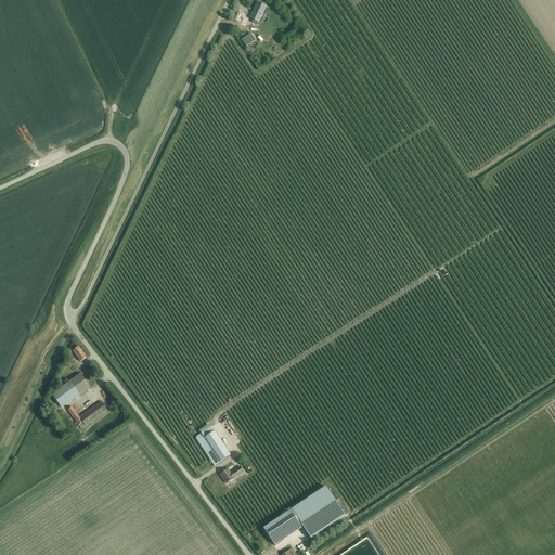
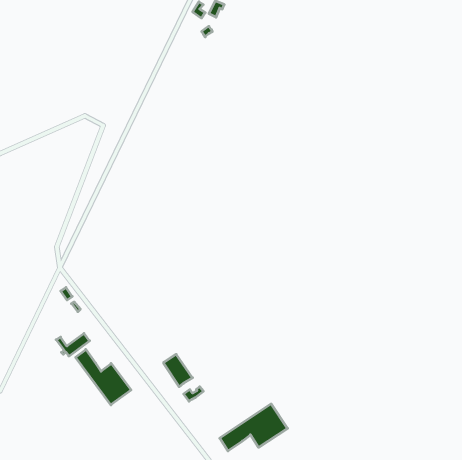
building: [52,372,91,406] -> none
building: none -> [76,349,131,405]

